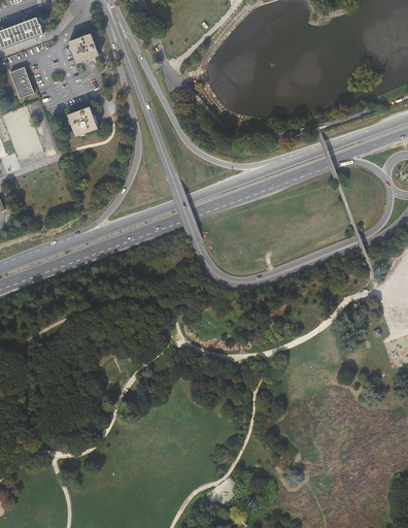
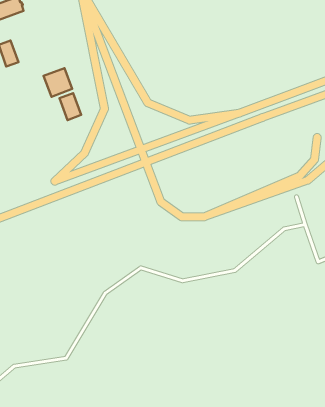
building: [67,30,100,64] -> none
building: none -> [59,93,81,120]

